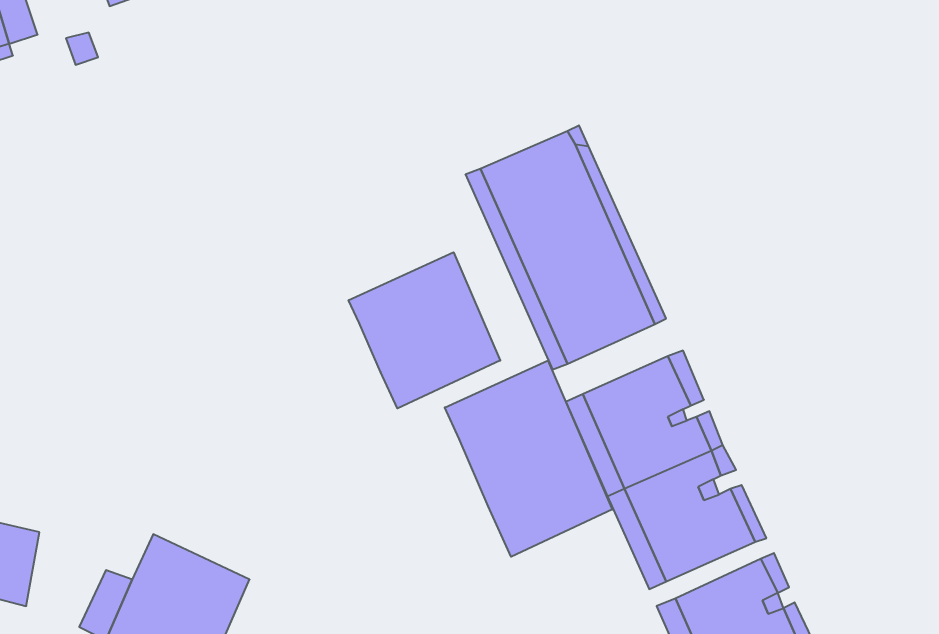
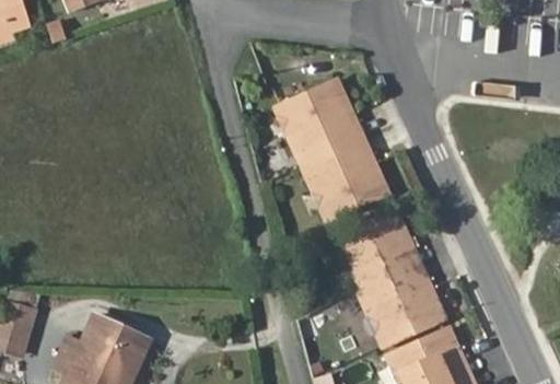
building: [349,252,500,408] -> none
building: [445,360,612,557] -> none

